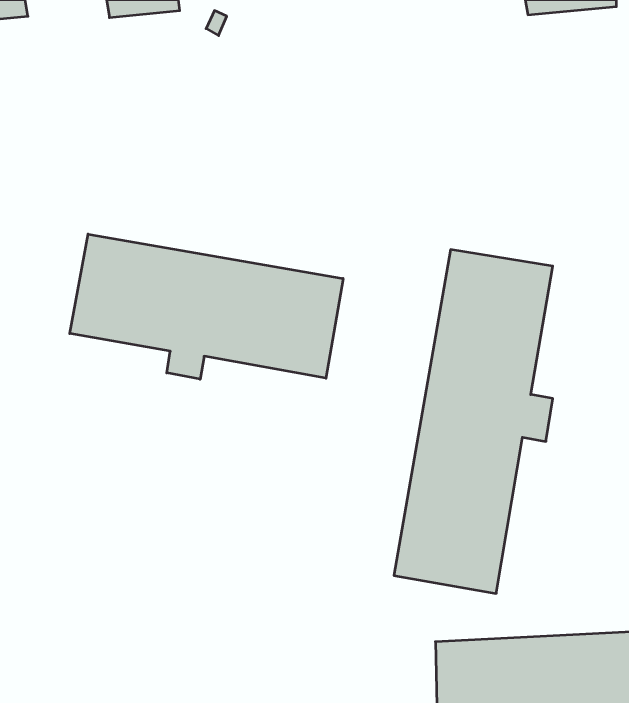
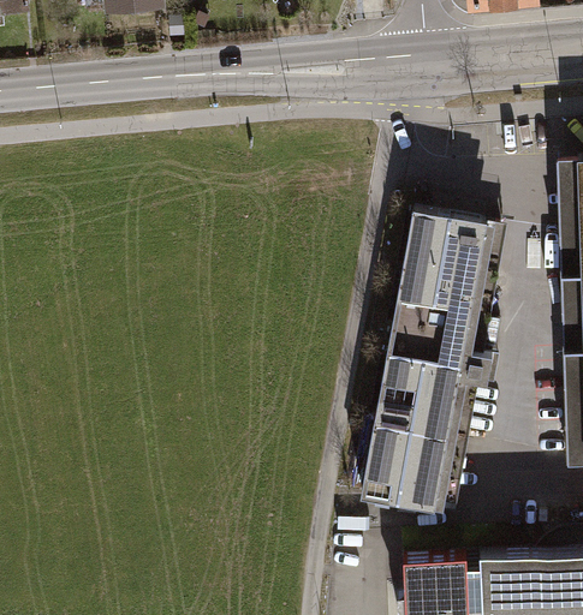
building: [70,234,343,379] -> none

